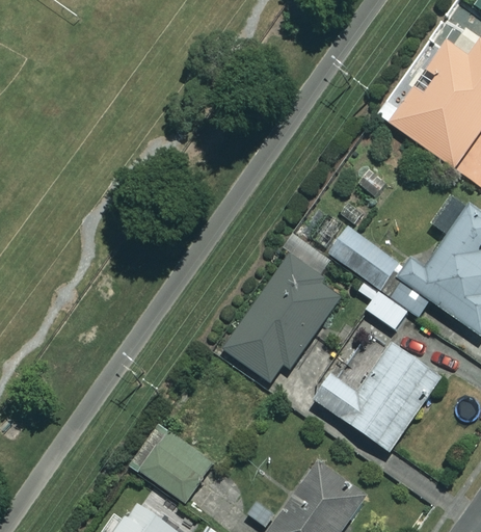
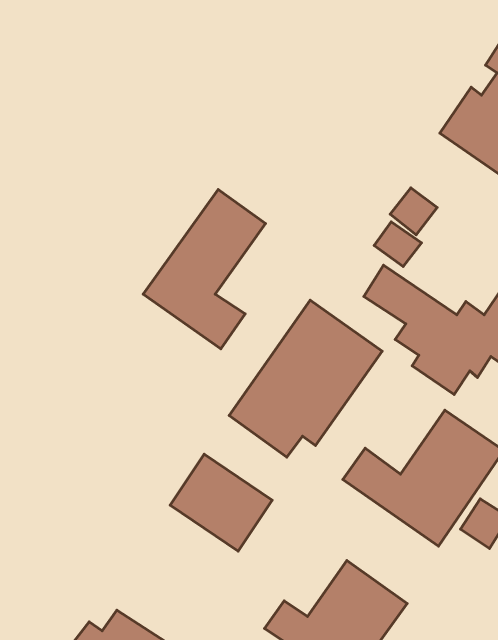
building: none -> [143,189,266,349]
building: [131,425,212,502] -> [170,454,272,551]

